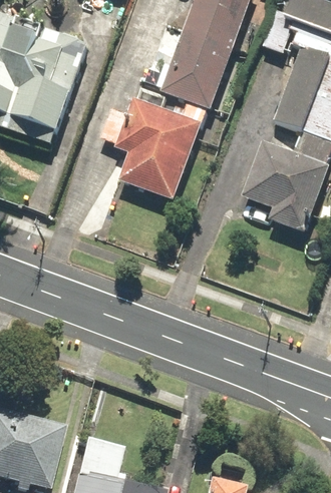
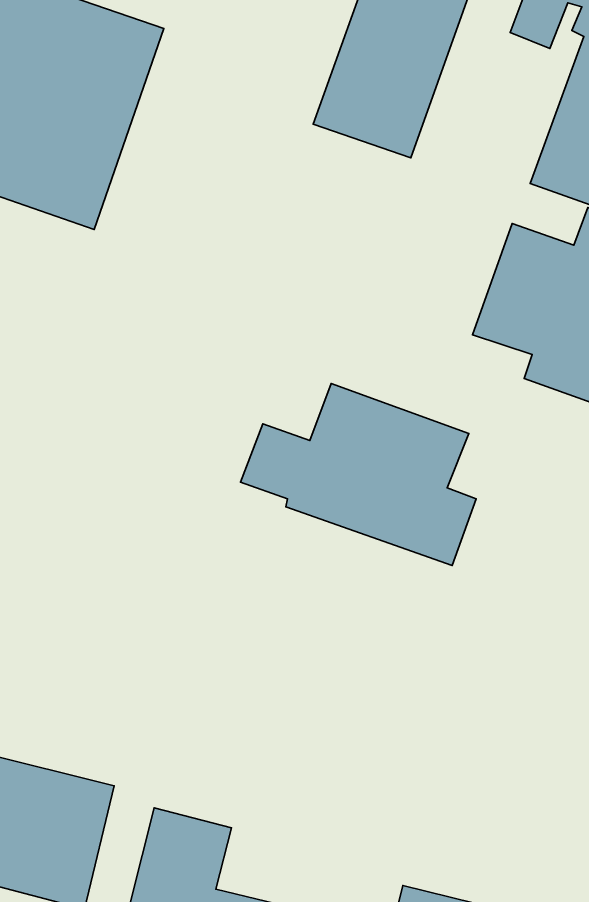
building: [115,98,201,198] -> none
building: none -> [241,384,476,565]

